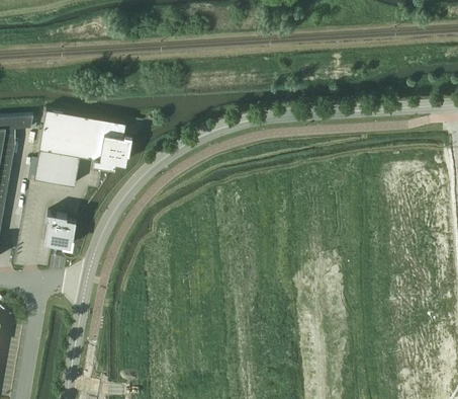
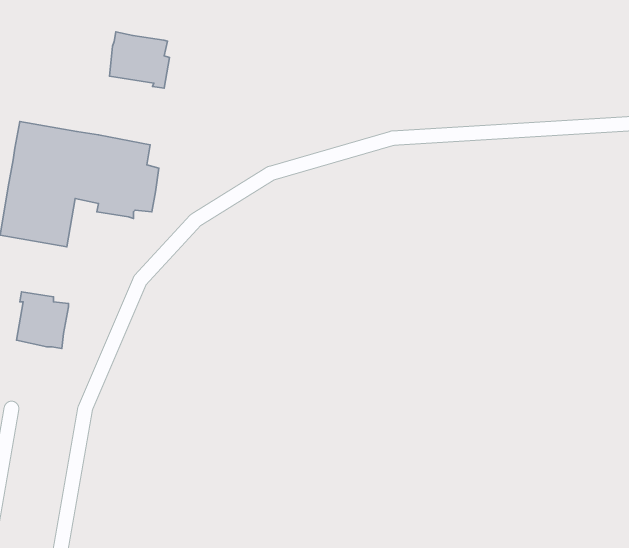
building: none -> [109,32,170,88]

